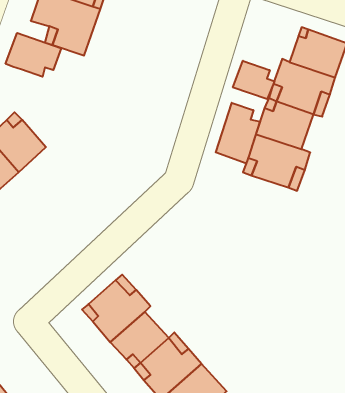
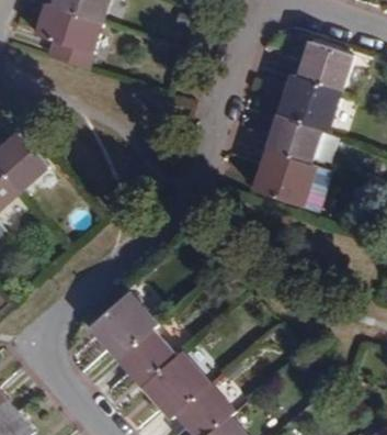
building: [6,33,61,77] -> none
building: [233,61,274,99] -> none
building: [216,103,260,163] -> none

